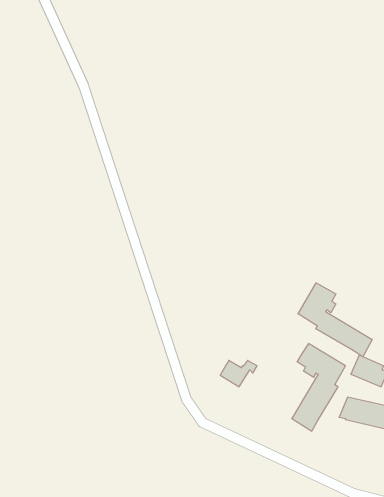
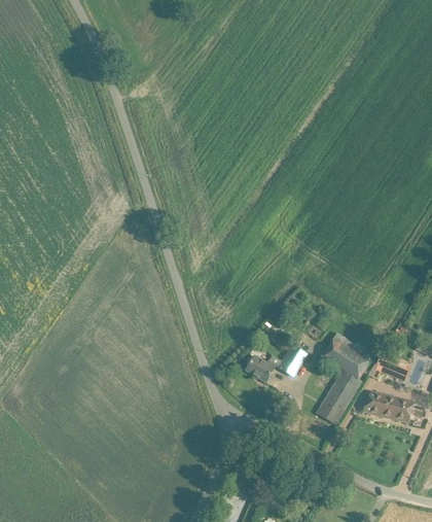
building: [298,283,372,357] -> none
building: none -> [278,344,305,376]

